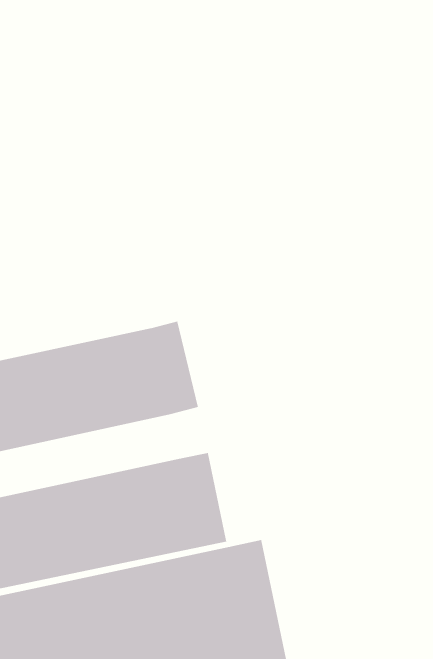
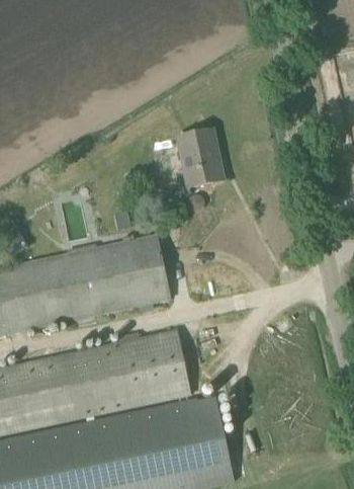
building: none -> [175,129,224,188]

